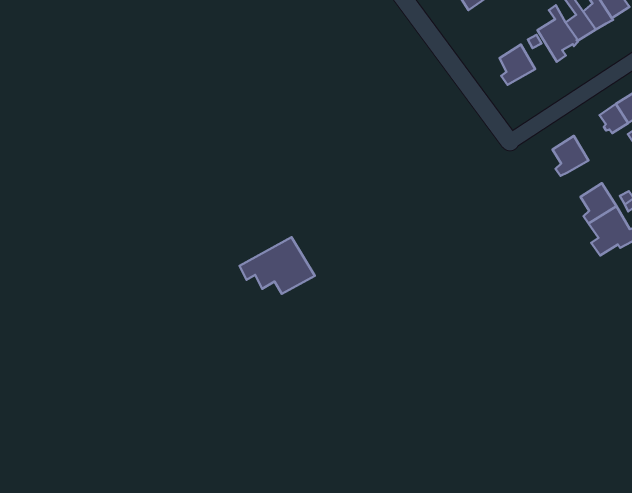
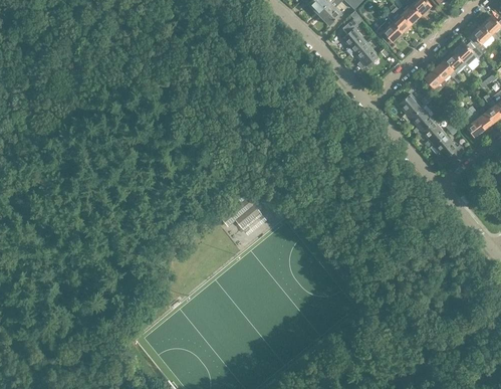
building: none -> [342,19,366,54]
building: none -> [411,105,434,135]

